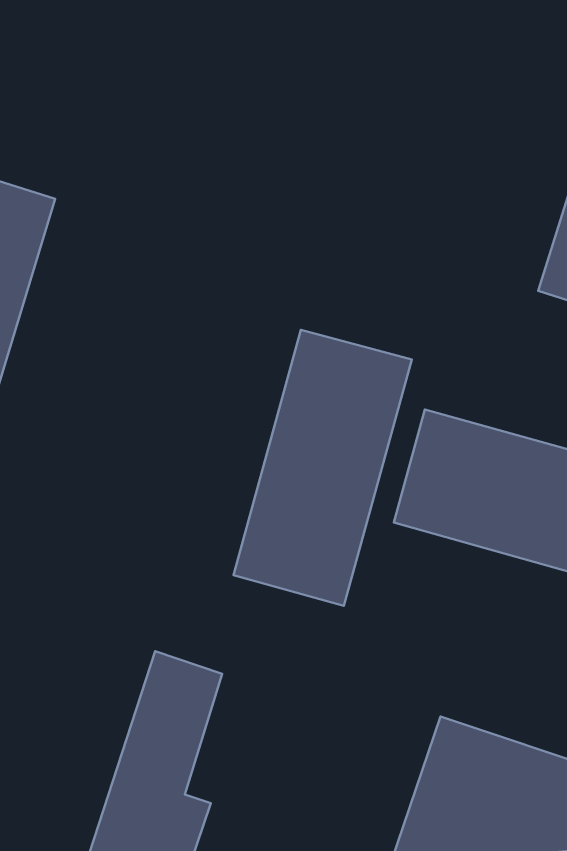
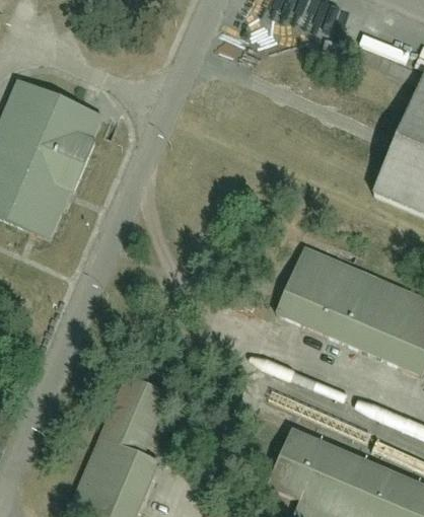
building: [234,330,412,606] -> none

